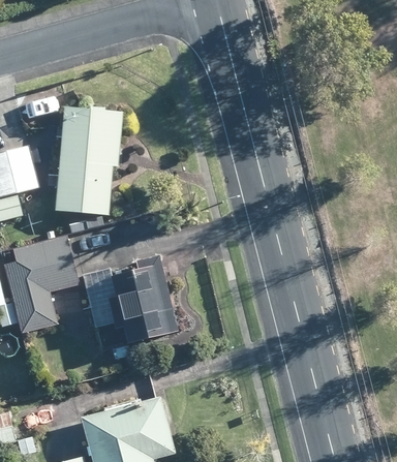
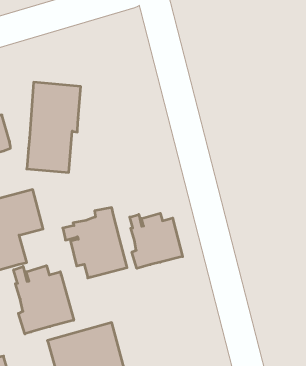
building: none -> [130,213,183,268]
building: none -> [14,266,74,334]

